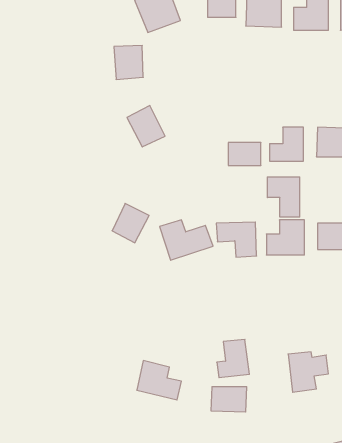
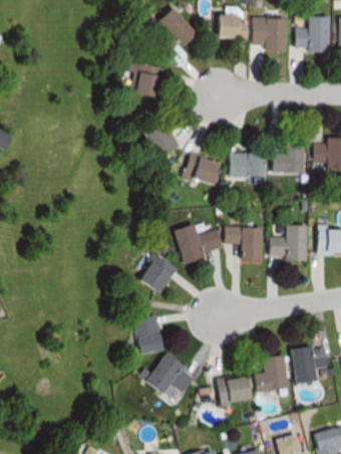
building: none -> [192,156,221,183]
building: [267,177,300,217] -> none
building: [112,203,149,243] -> [139,256,174,292]
building: none -> [134,314,159,352]
building: [217,339,249,378] -> [259,357,289,392]

